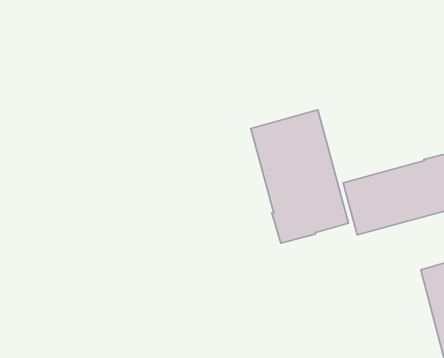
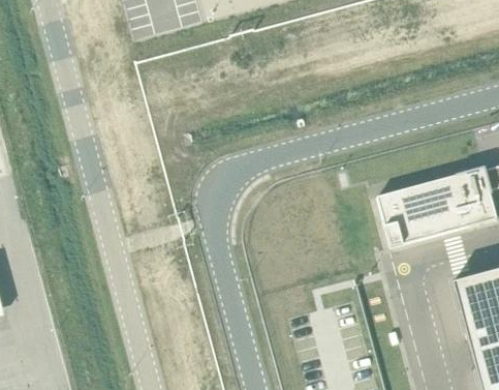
building: [251,110,348,243] -> none

